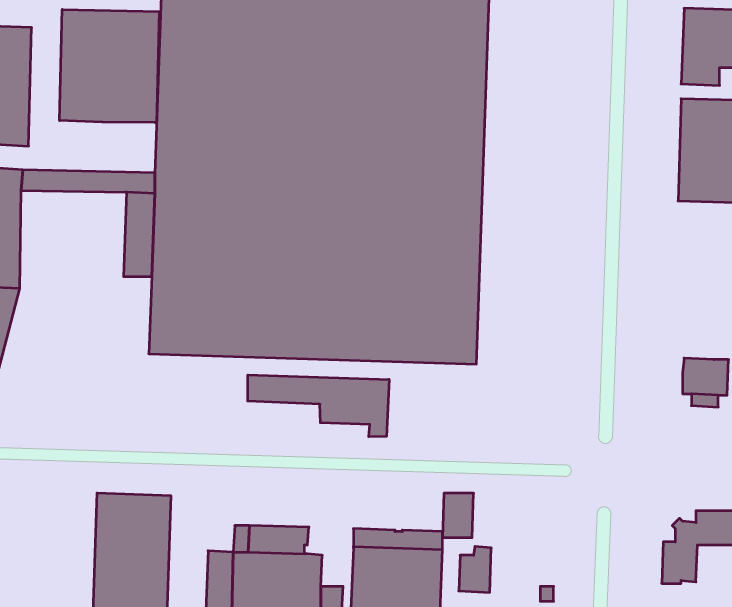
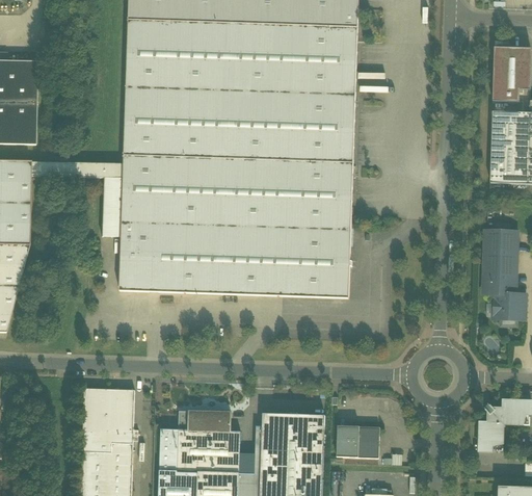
building: [60,9,159,123] -> none
building: none -> [483,230,516,293]
building: [248,375,389,437] -> none
building: [442,493,474,538] -> [357,425,379,456]

